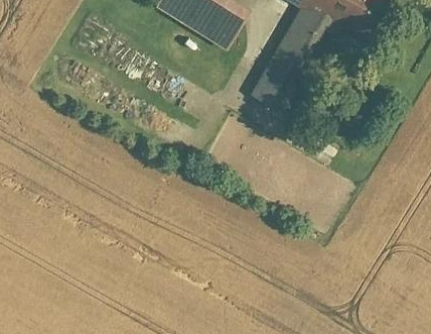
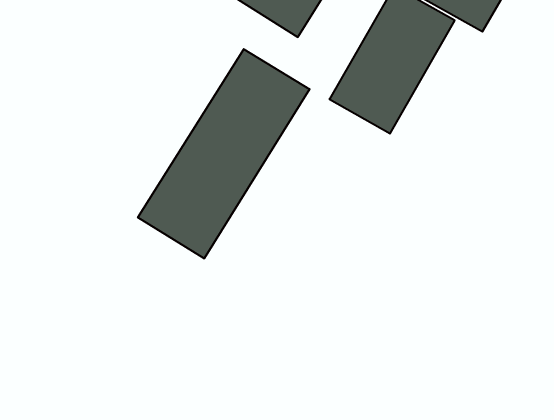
building: none -> [138,49,310,259]

